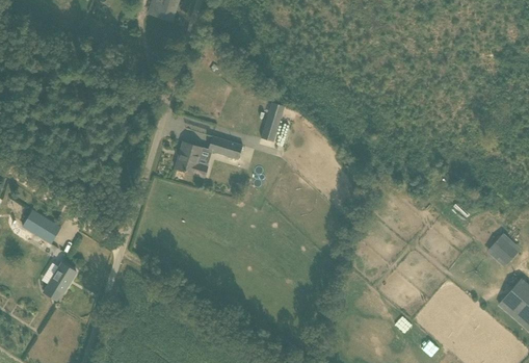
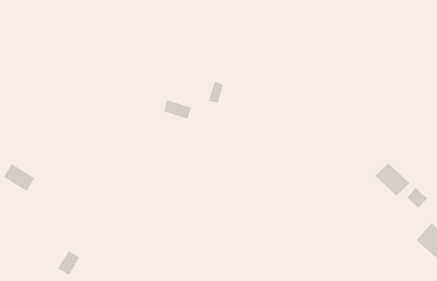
building: [174,141,208,177] -> none
building: none -> [374,162,410,197]
building: [48,262,75,292] -> [57,250,80,276]

